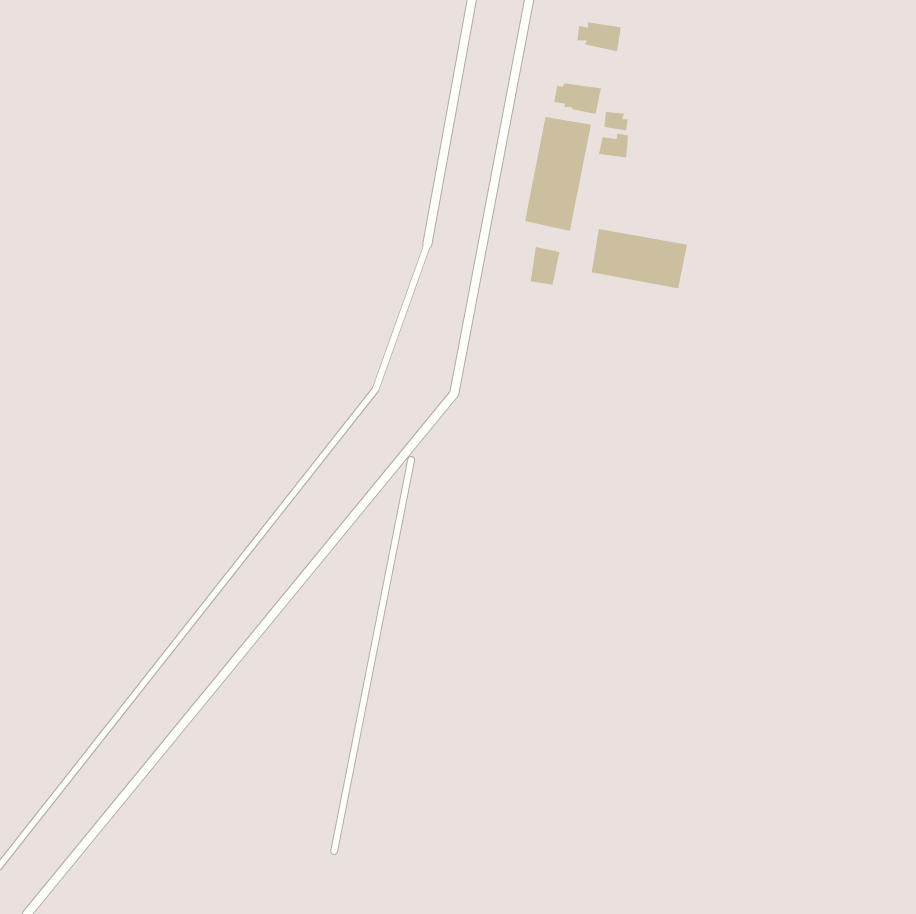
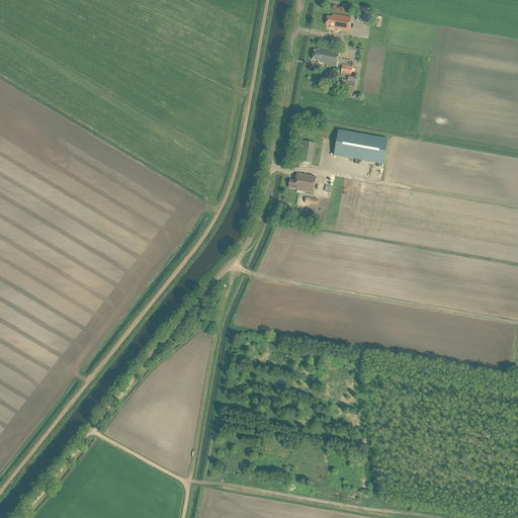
building: [524,116,592,232] -> none
building: none -> [287,171,316,191]

